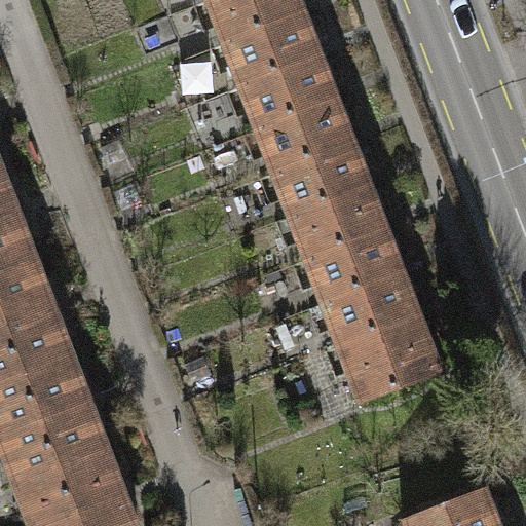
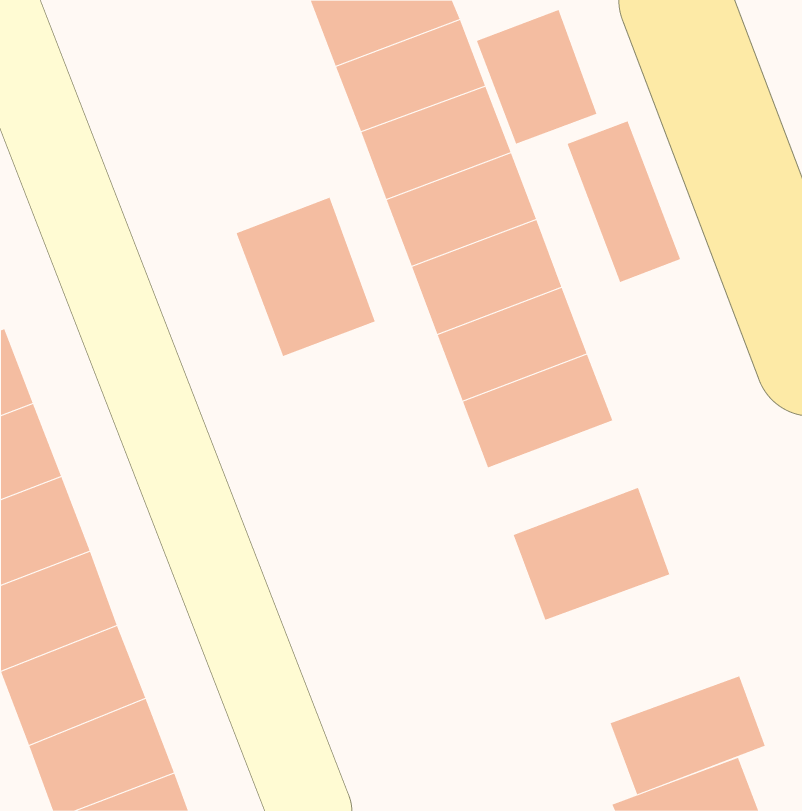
building: none -> [476,9,597,145]
building: none -> [567,120,681,283]
building: none -> [236,197,375,357]
building: [322,272,419,346] -> none
building: none -> [610,675,765,795]

